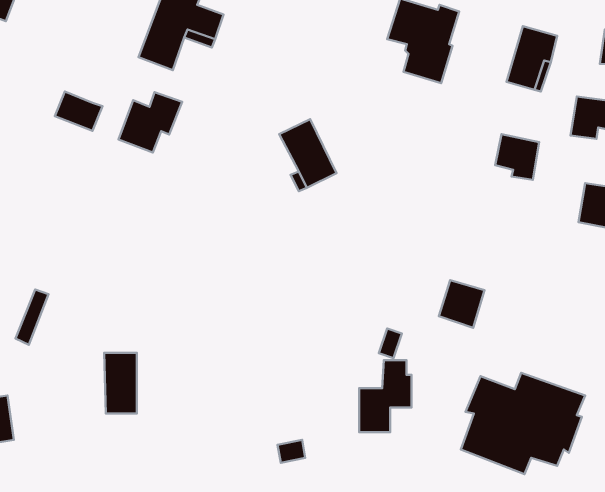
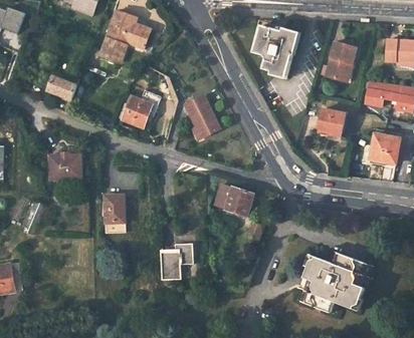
building: [118,92,182,153] -> [123,91,162,128]
building: none -> [50,156,82,181]
building: [439,280,485,328] -> [224,188,252,217]
building: [104,353,137,413] -> [105,202,125,239]
building: [359,360,412,432] -> [161,235,193,279]

